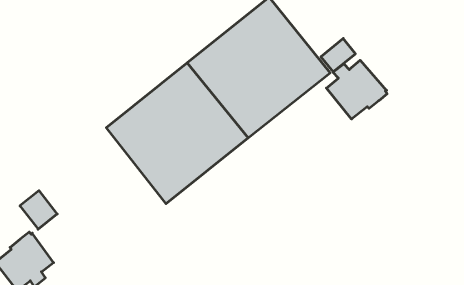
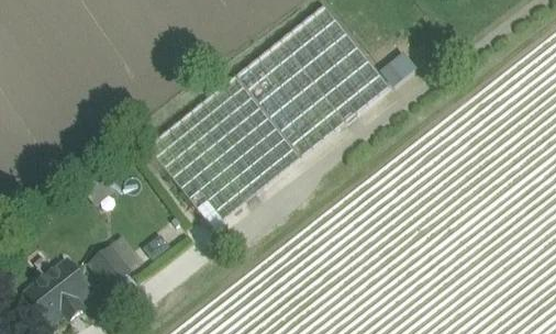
building: [326,60,387,119] -> none
building: [20,191,57,229] -> [89,246,130,288]

